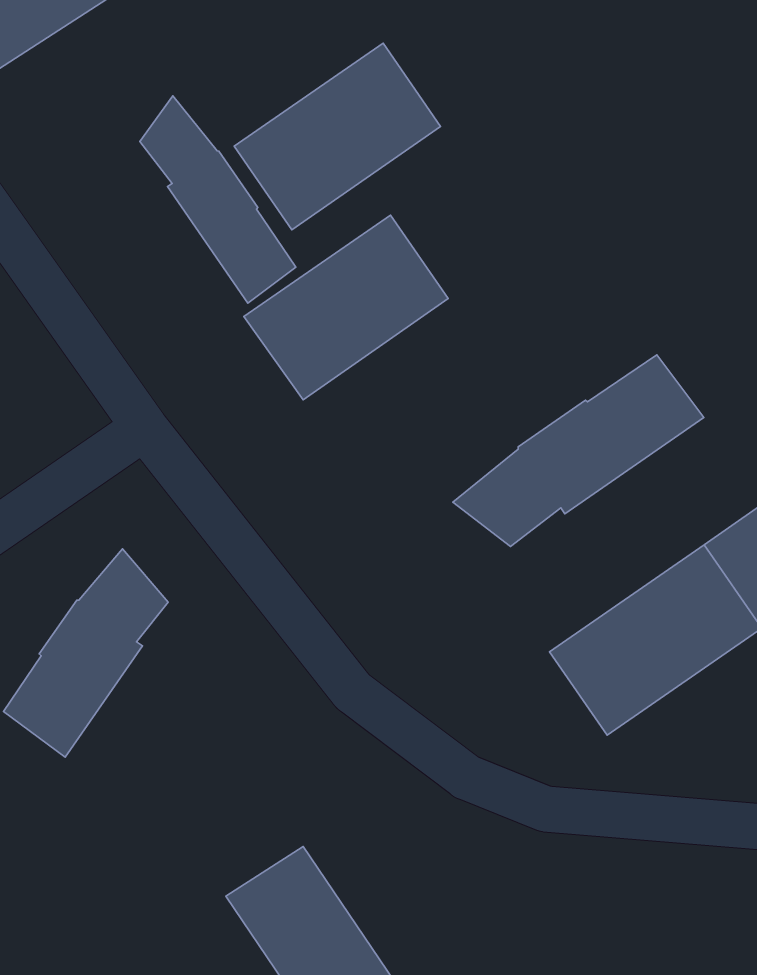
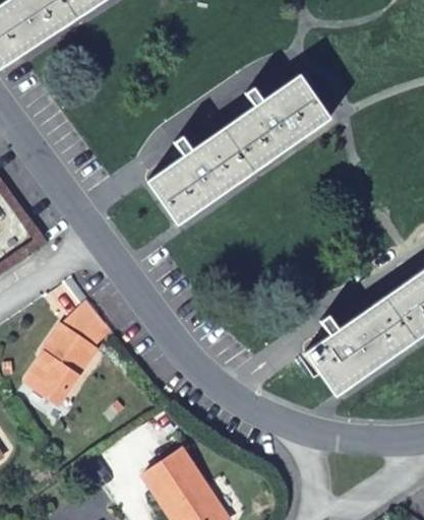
building: [234,43,441,230] -> [225,75,330,171]
building: [140,96,296,303] -> none
building: [453,355,704,547] -> none

